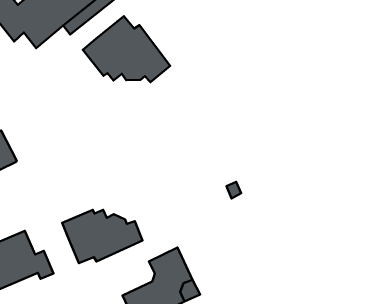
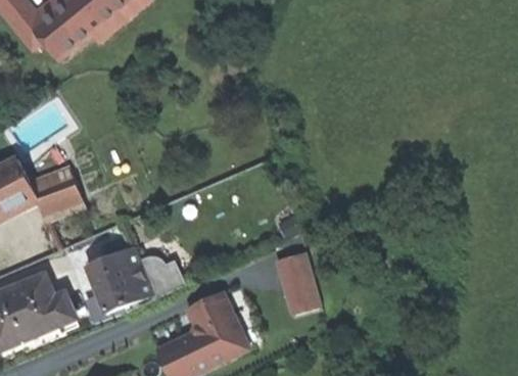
building: [83,16,170,82] -> none
building: none -> [33,178,84,220]
building: none -> [277,252,320,315]

